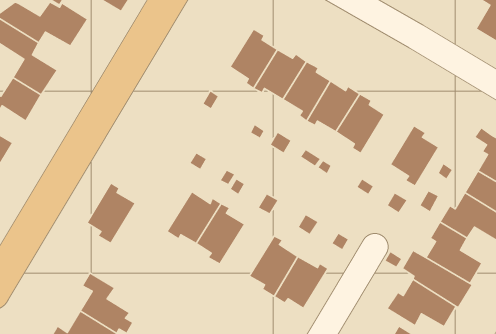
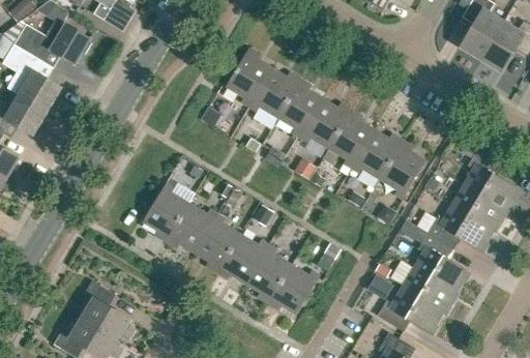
building: none -> [351,130,402,178]
building: [87,183,136,243] -> [143,184,189,242]
building: none -> [216,235,268,285]

